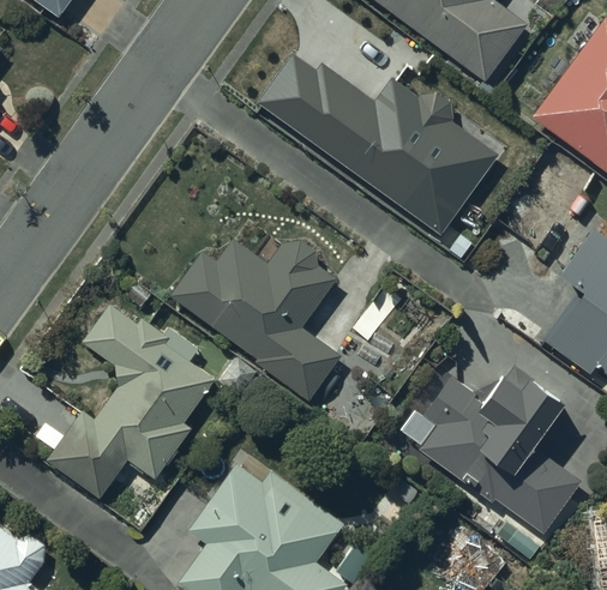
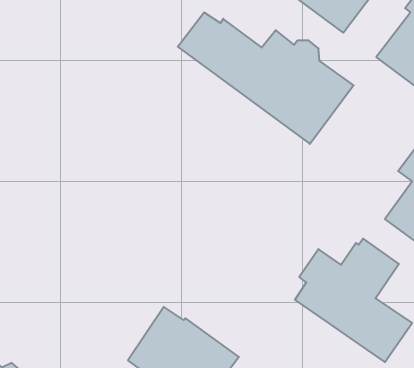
building: [170,237,339,401] -> none
building: [49,303,215,498] -> none

